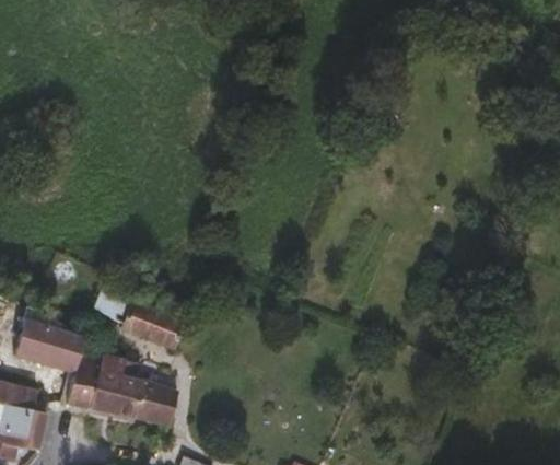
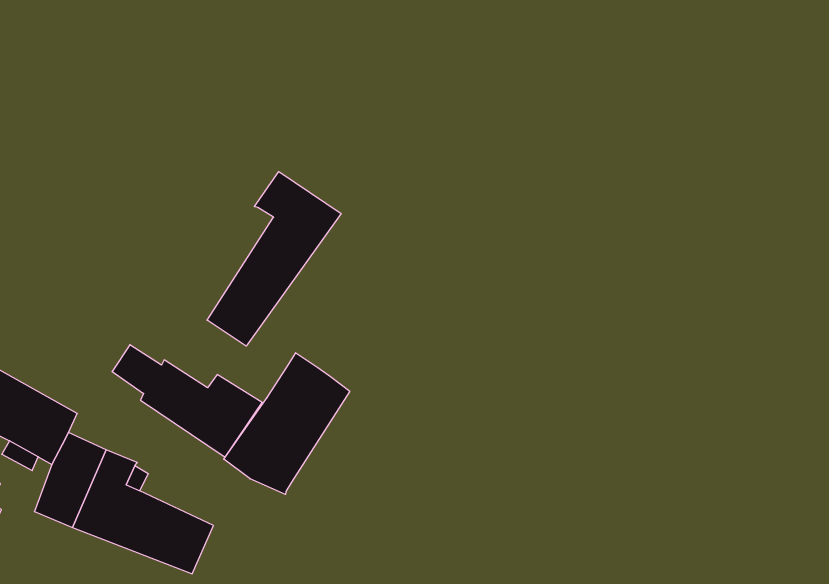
building: none -> [207,172,341,346]
building: none -> [224,353,350,494]

